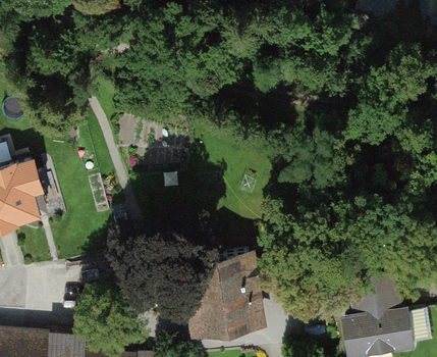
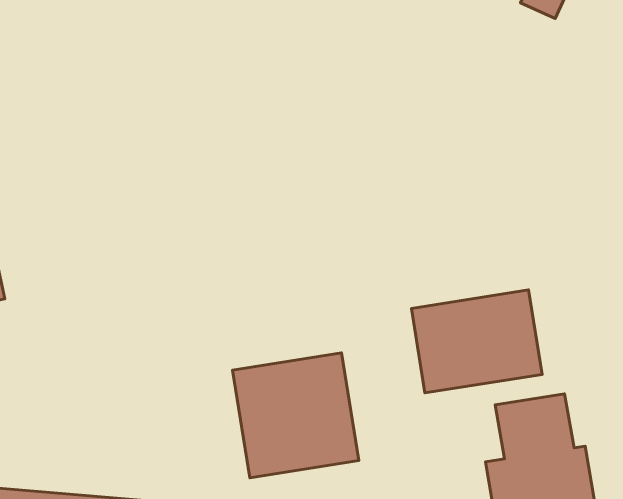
building: none -> [411,290,542,393]

